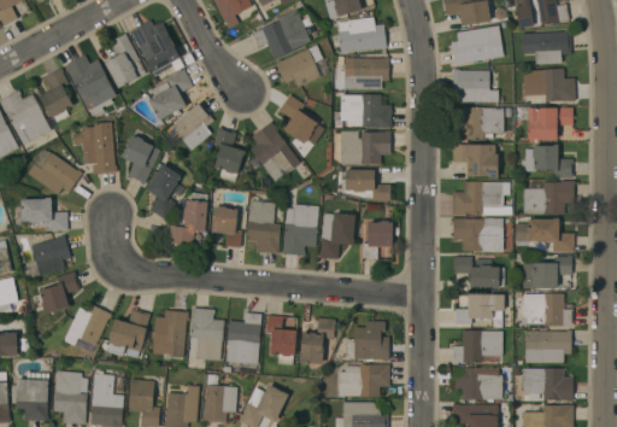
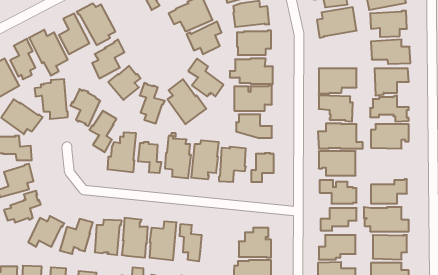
building: [452,69,498,103] -> none
building: [513,218,572,252] -> none
building: [299,318,335,364] -> none

